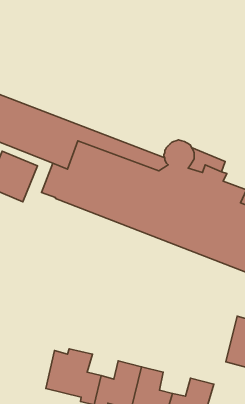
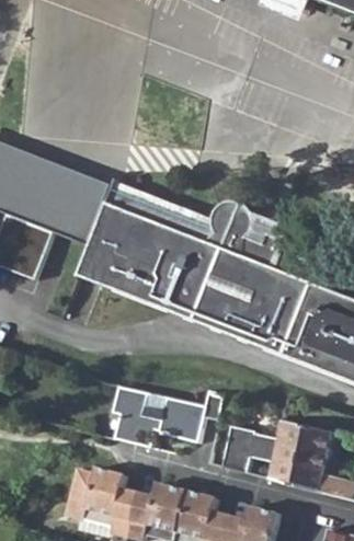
building: none -> [114,387,207,448]
building: none -> [225,421,310,484]

